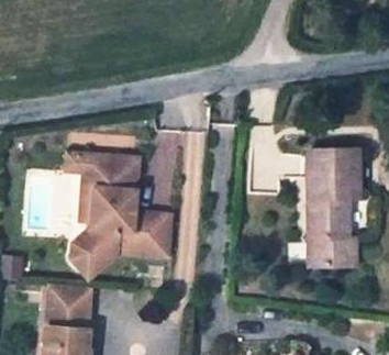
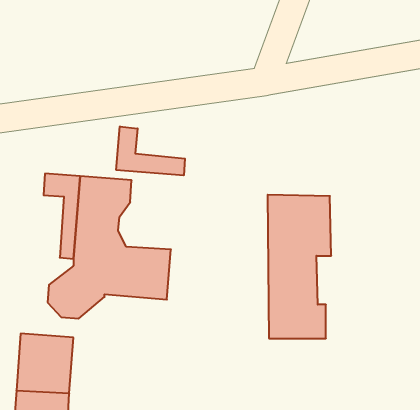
building: none -> [116,126,185,175]
building: [307,149,358,266] -> [268,195,331,338]

